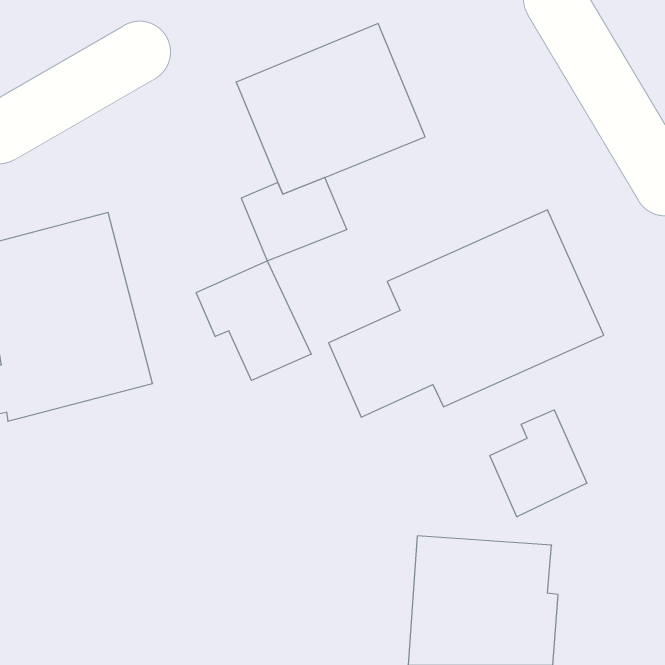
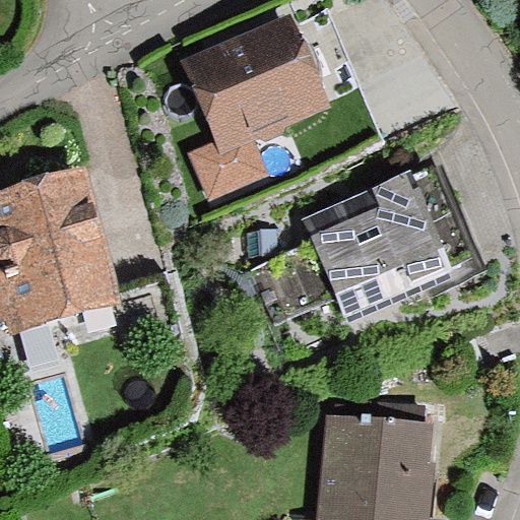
building: [196,261,311,380] -> none
building: [490,410,587,517] -> none

